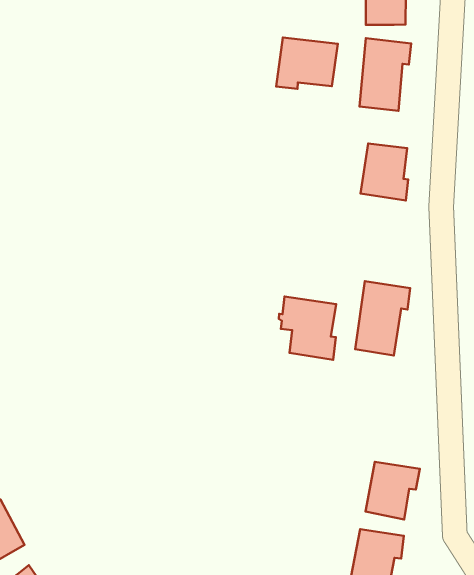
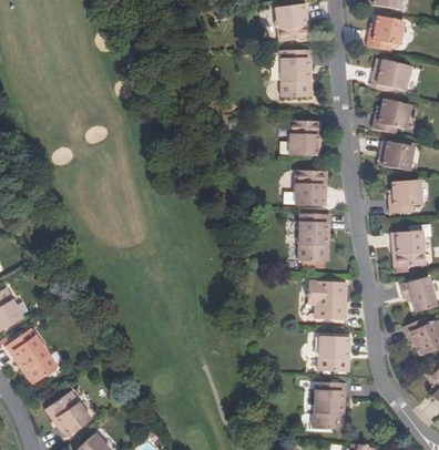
building: [276,38,338,89] -> none
building: none -> [295,170,327,206]
building: [279,296,336,360] -> [307,280,347,319]

